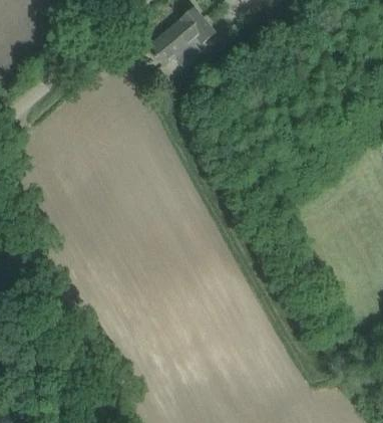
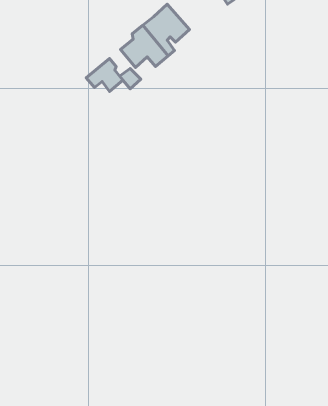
building: none -> [86,59,123,91]

